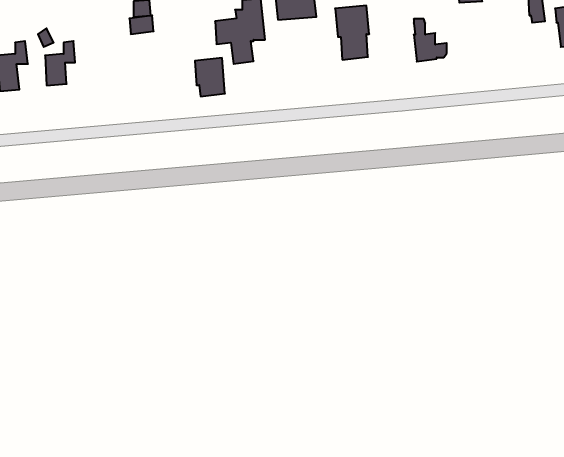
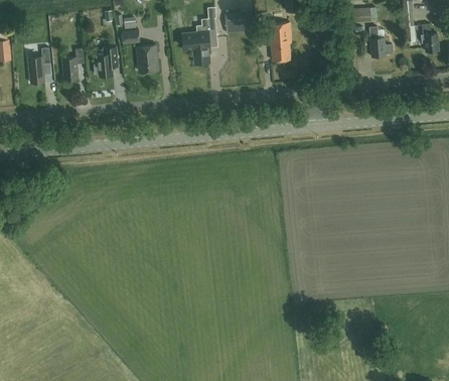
building: [414,19,447,62] -> [369,28,393,58]
building: none -> [94,46,118,77]
building: [195,58,225,96] -> [137,45,158,73]

